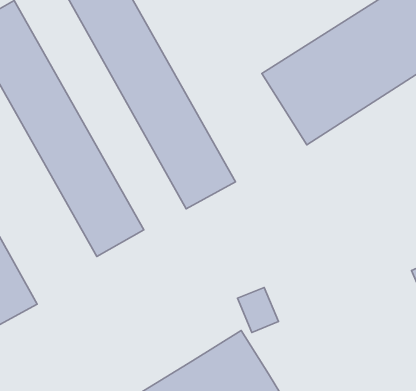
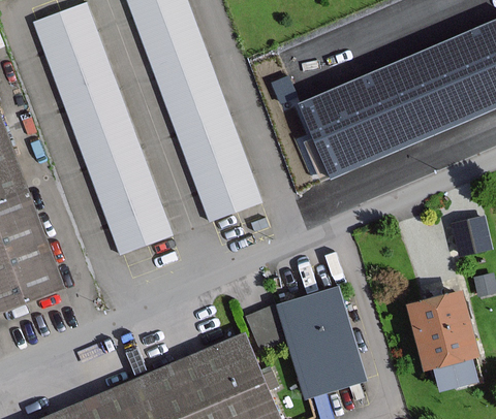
building: none -> [276,287,363,397]

